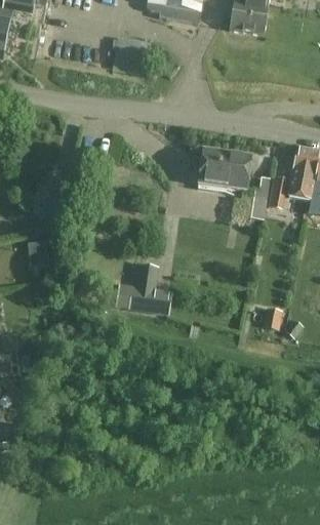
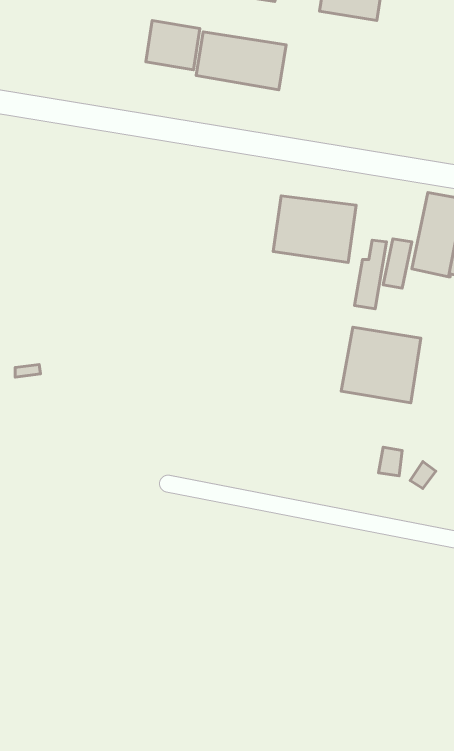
building: none -> [196,32,286,90]
building: none -> [341,327,421,403]
building: [119,267,173,315] -> none

